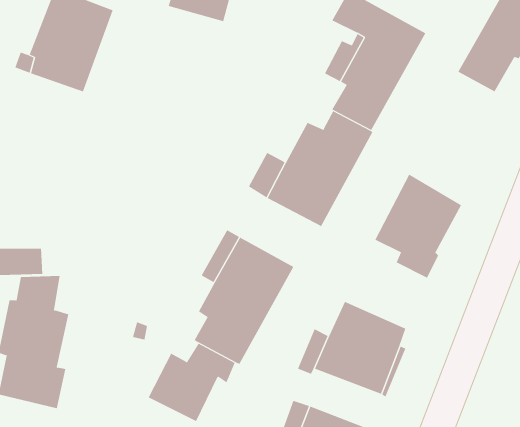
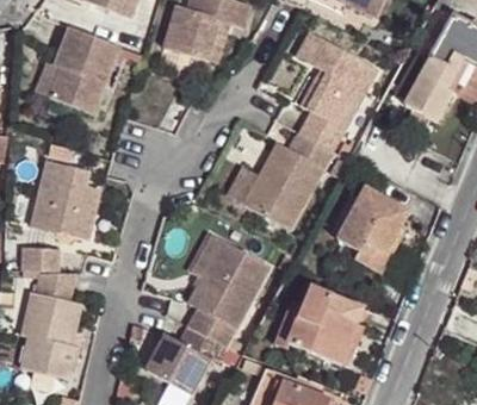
building: none -> [30,156,101,237]

